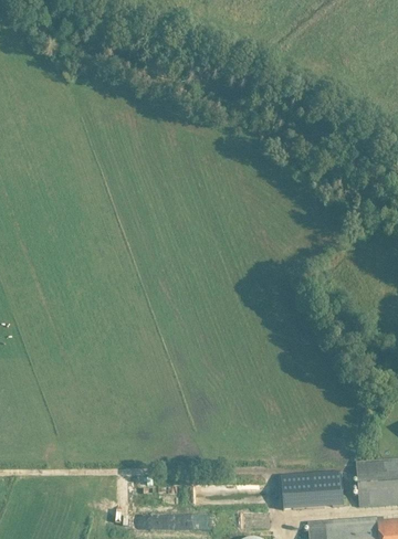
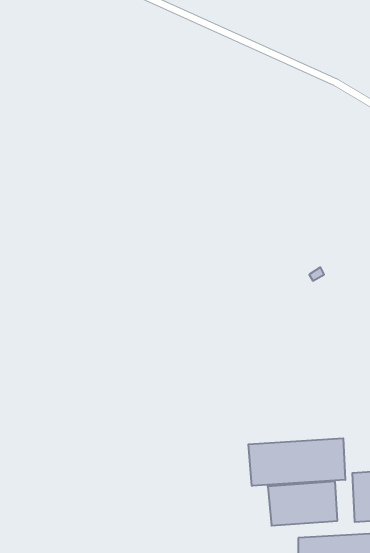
building: none -> [248,438,345,486]

